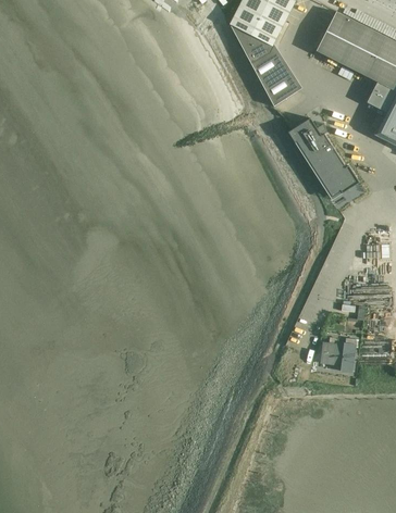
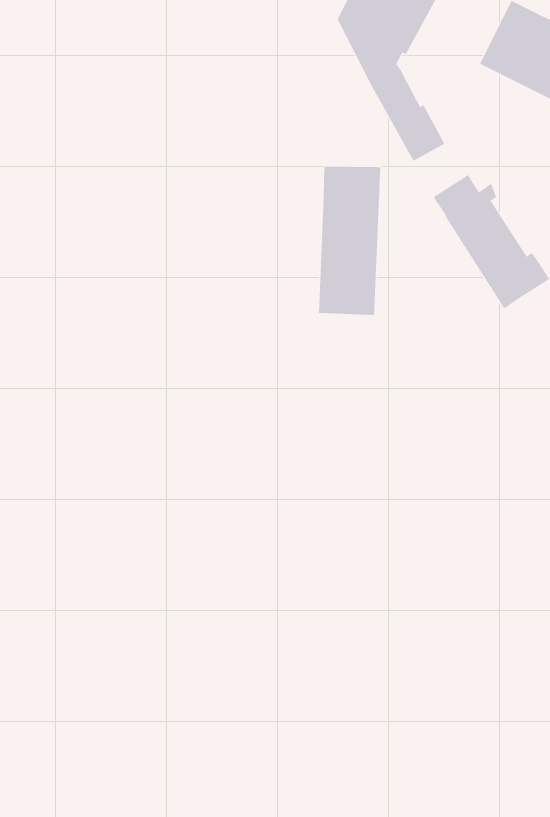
building: none -> [318,166,381,316]
building: [321,342,355,372] -> none

